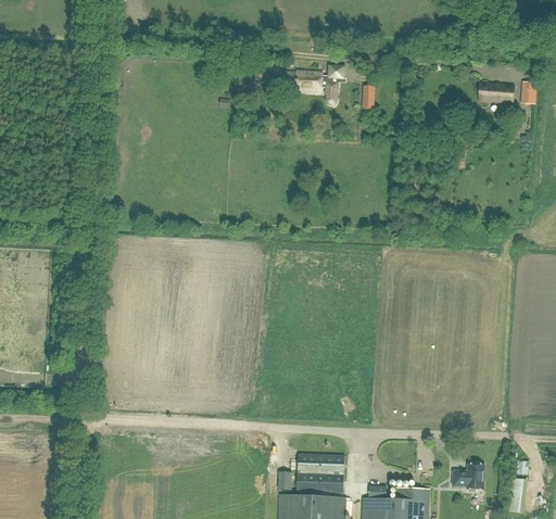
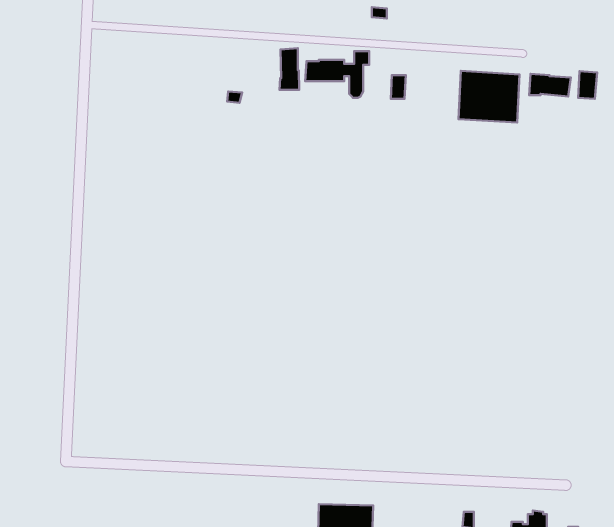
building: none -> [279,48,299,90]
building: none -> [458,71,520,123]

